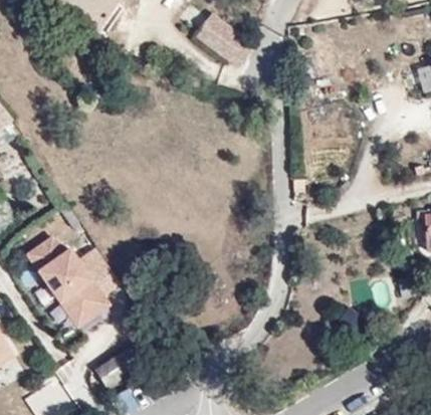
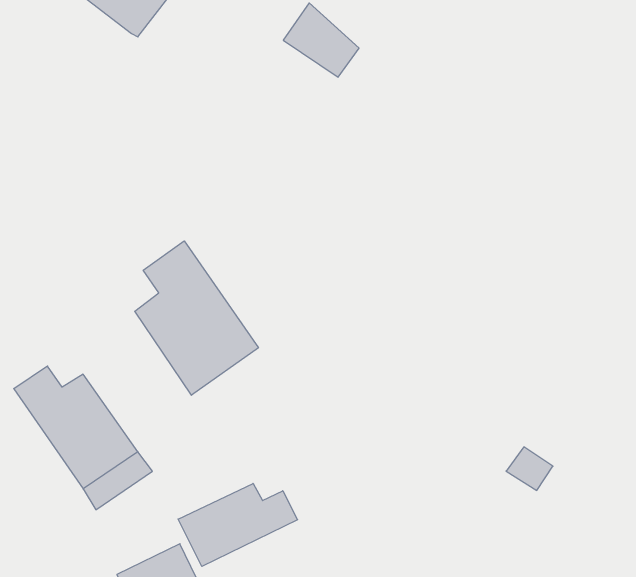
building: none -> [135,241,258,395]
building: none -> [178,483,298,566]

